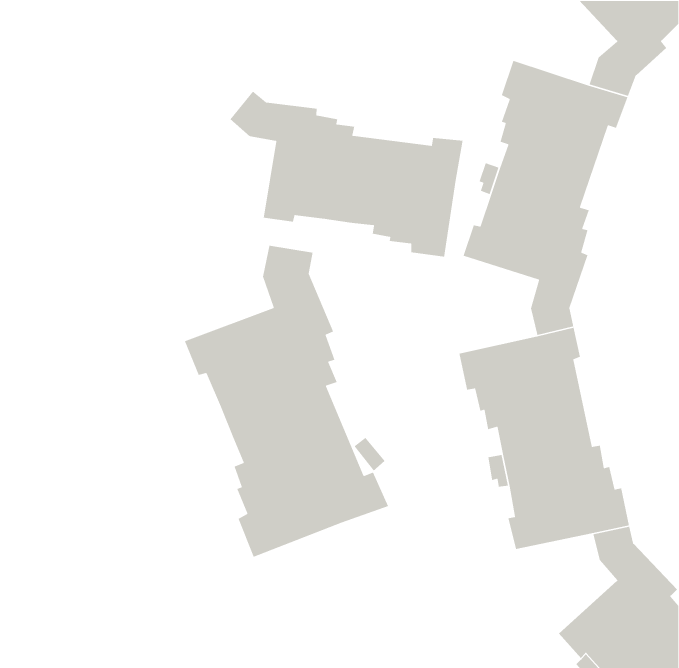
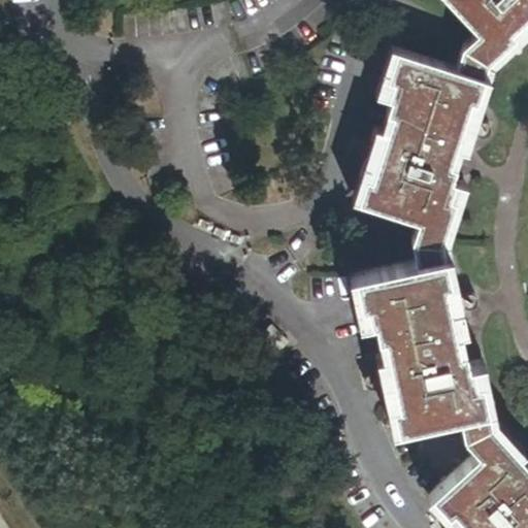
building: [229,90,464,257] -> none
building: [184,245,389,558] -> none

